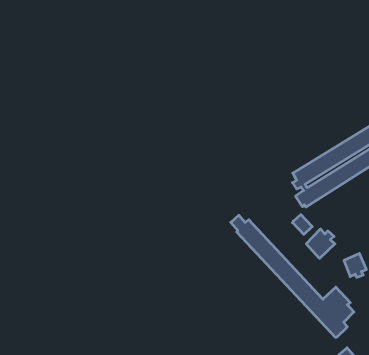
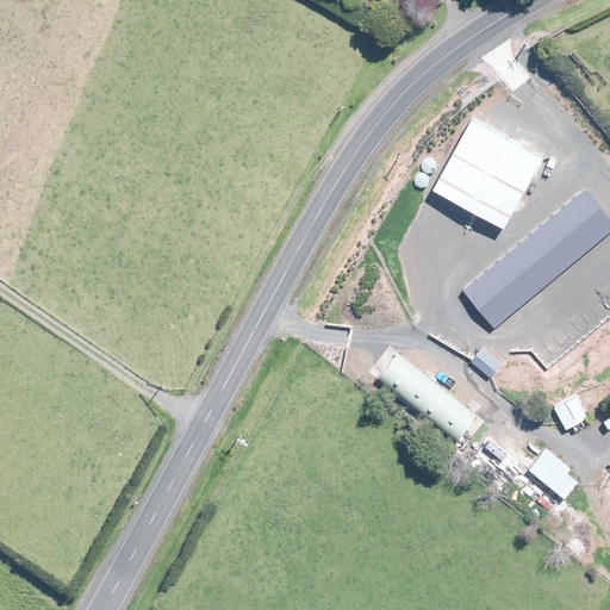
building: none -> [438,118,549,226]
building: [306,229,335,258] -> none

